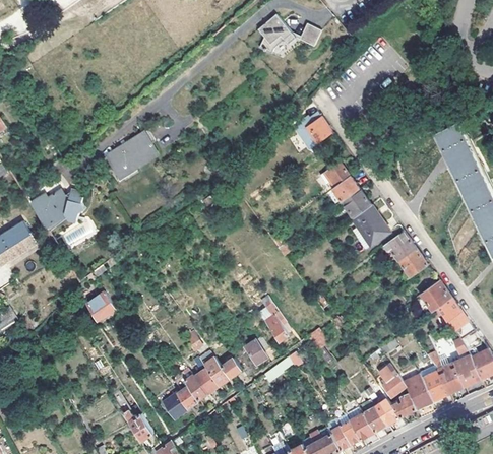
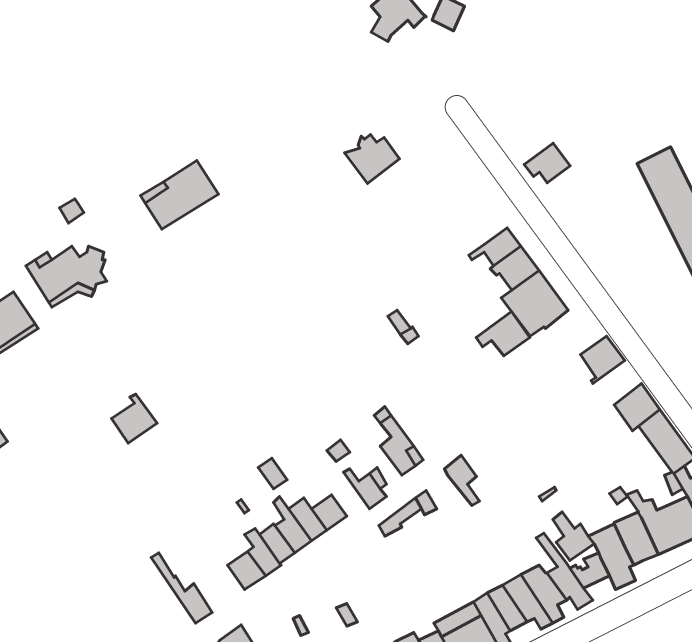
building: [295,117,331,149] -> [344,135,399,183]
building: [318,163,349,189] -> [524,143,570,183]
building: [379,233,415,262] -> [476,312,530,356]

